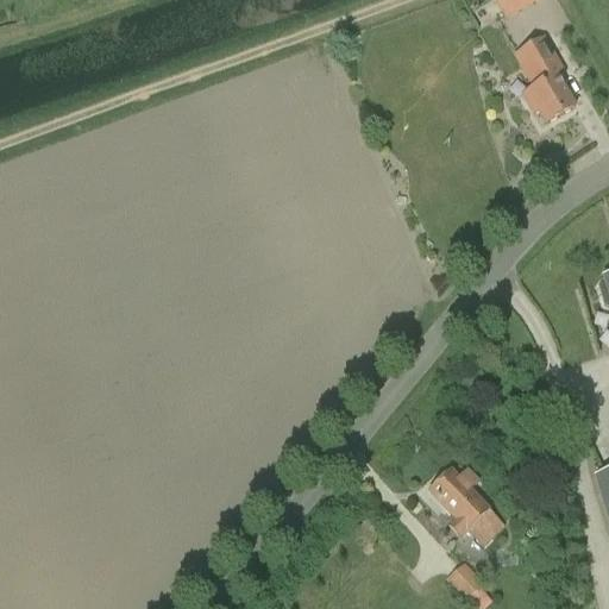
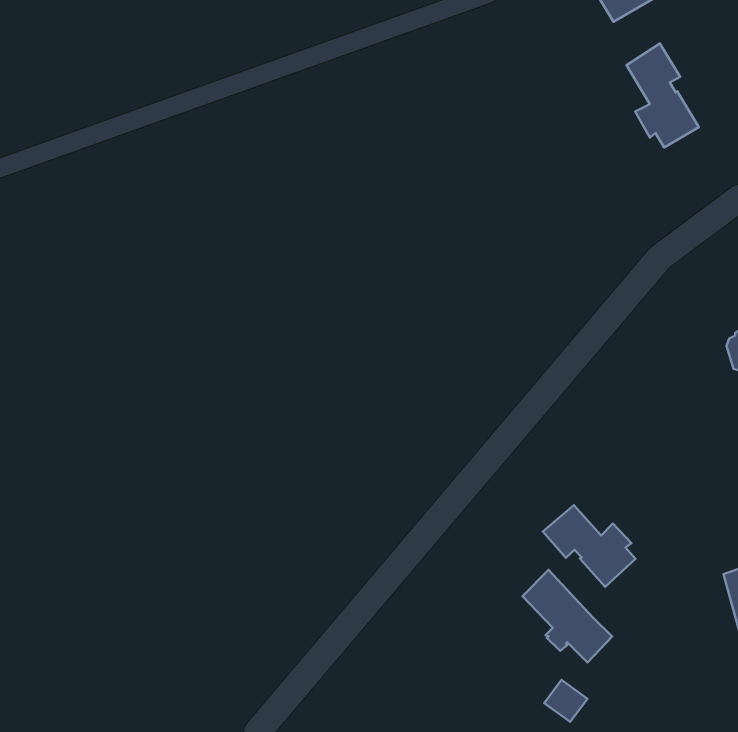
building: none -> [543,505,636,587]

